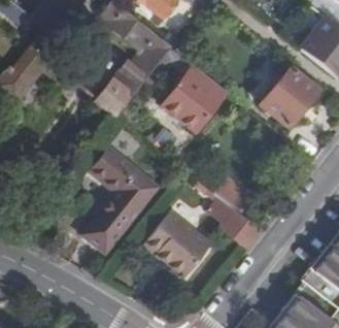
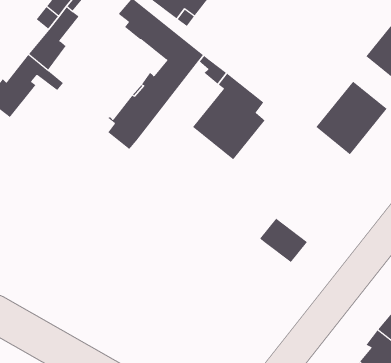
building: [83,149,157,251] -> none
building: [210,198,261,248] -> none
building: [143,210,211,276] -> none

